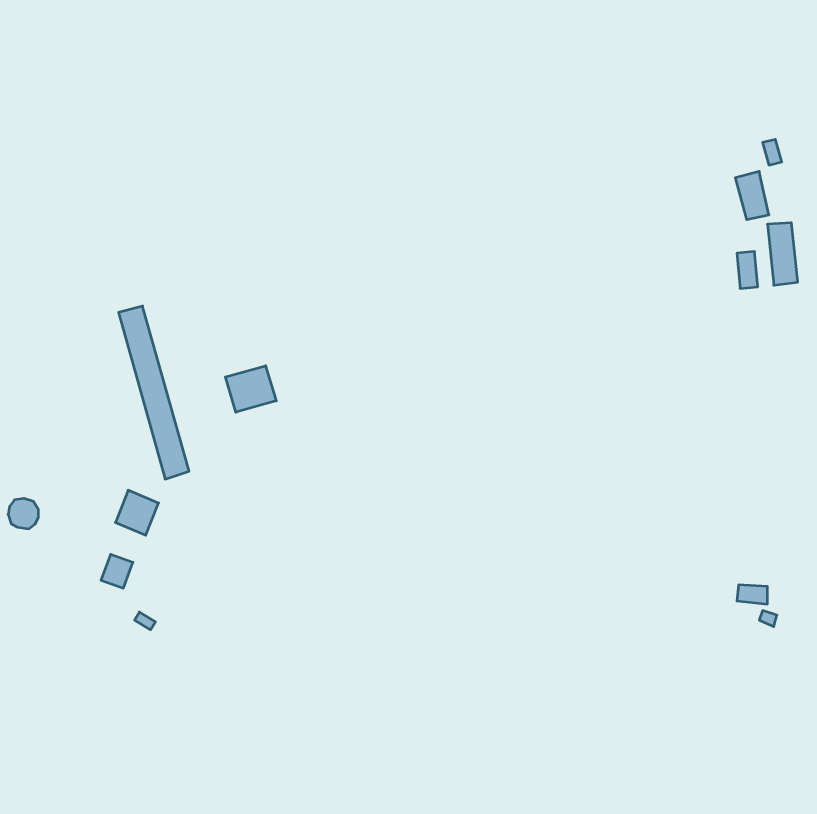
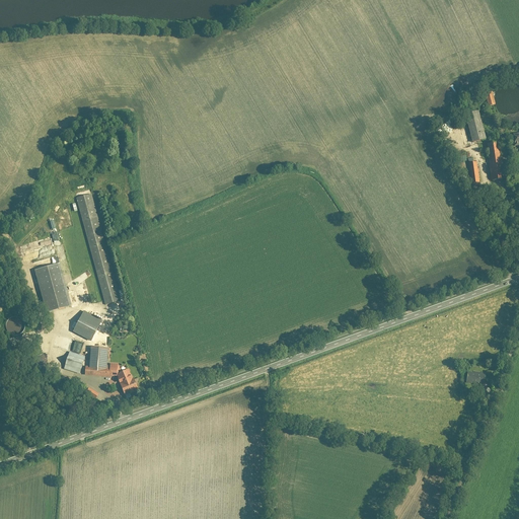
building: [225,366,276,412] -> none
building: none -> [35,262,71,311]
building: none -> [89,344,138,394]

